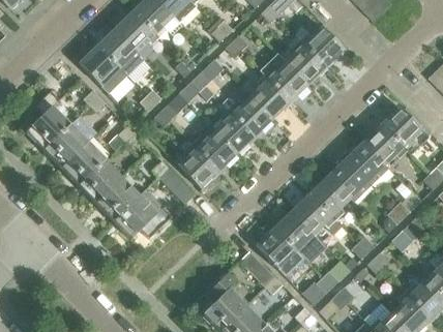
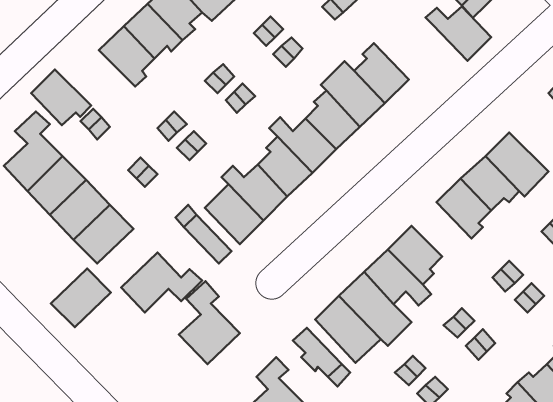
building: [295,27,344,67] -> [426,6,491,61]
building: [79,46,123,87] -> [31,69,91,125]
building: [328,158,373,199] -> none
building: [95,178,140,221] -> [51,269,111,327]
building: none -> [179,281,240,364]

